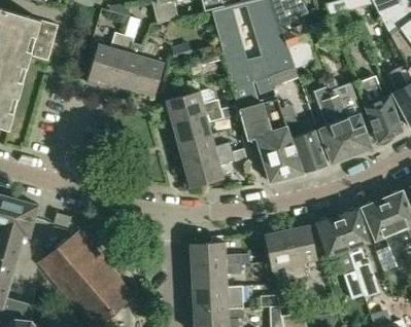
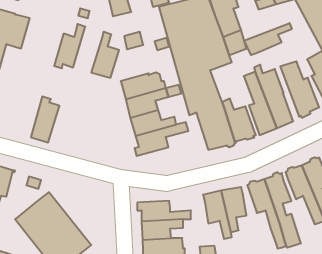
building: none -> [244,23,292,55]
building: [110,35,144,89] -> [31,96,60,142]

